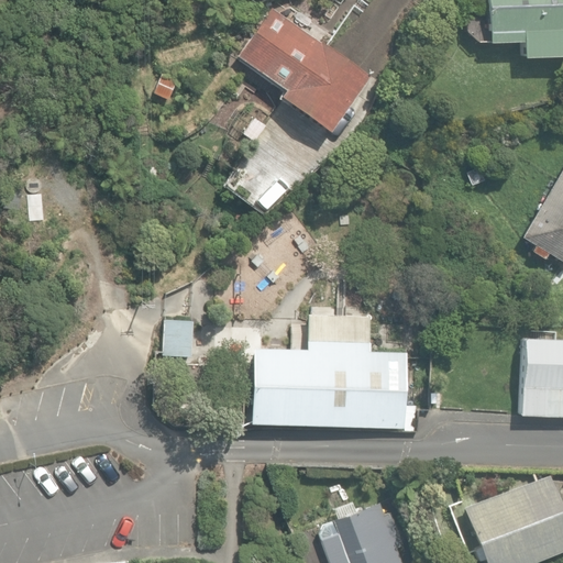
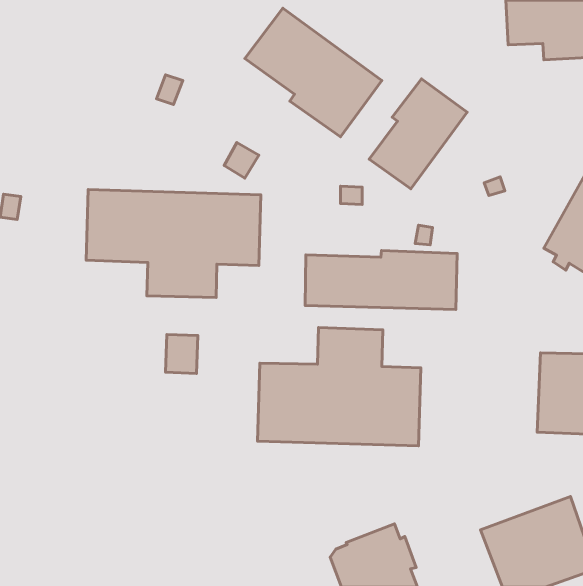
building: none -> [369,79,467,189]
building: none -> [86,190,261,297]
building: none -> [305,251,457,310]

